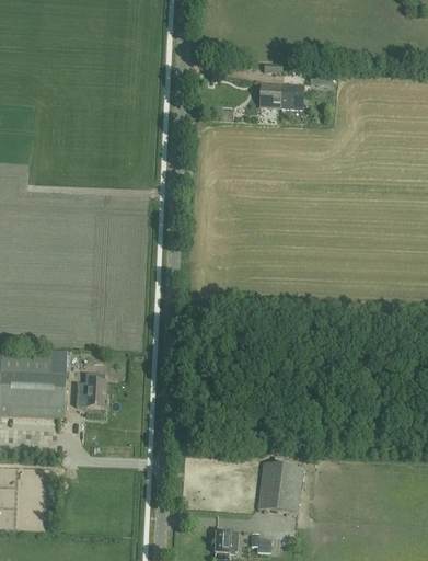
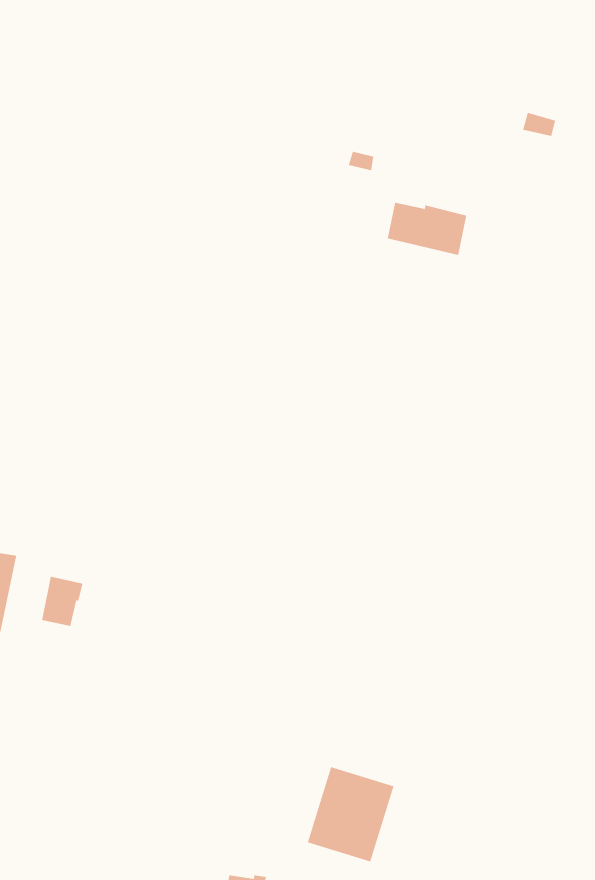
building: [259,83,303,110] -> [387,202,467,256]

